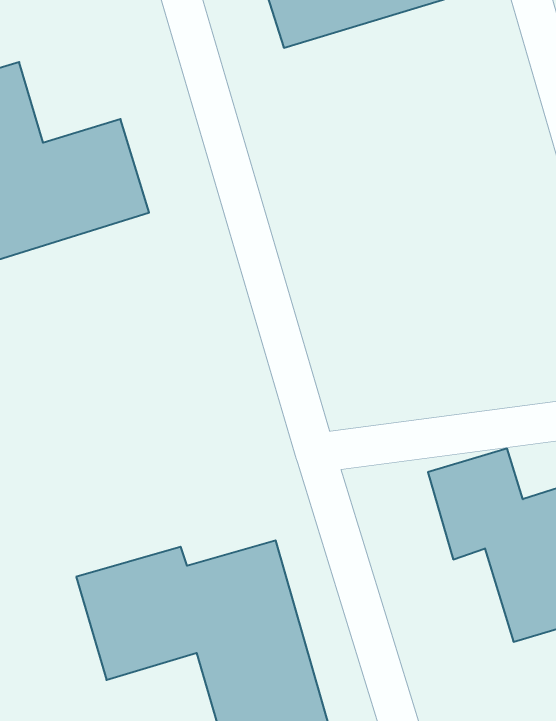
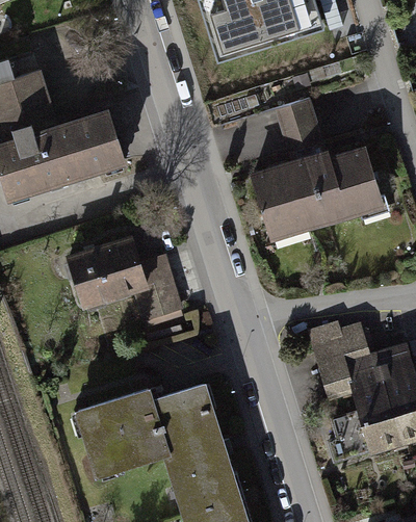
building: none -> [250,102,383,241]
building: none -> [66,235,182,328]

